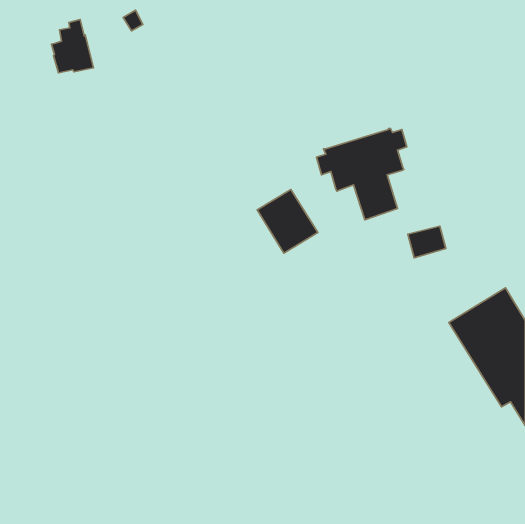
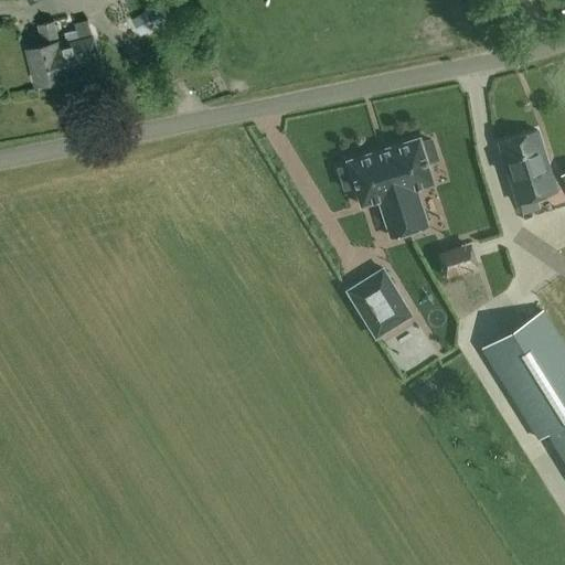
building: none -> [26,23,63,87]
building: none -> [499,130,556,203]
building: [257,189,318,253] -> [347,269,412,338]

